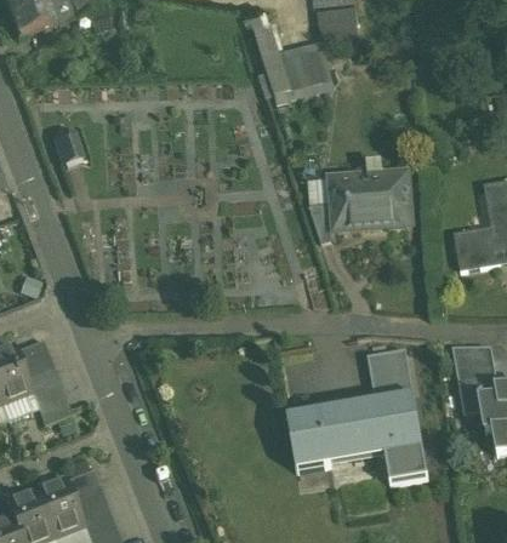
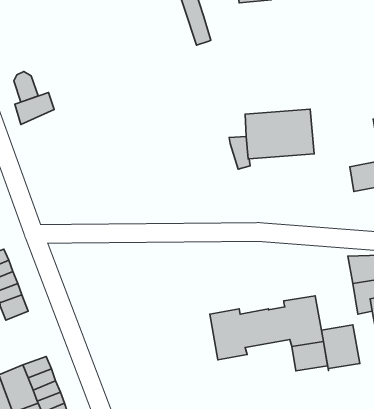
building: [280,48,335,99] -> none
building: none -> [15,92,54,124]
building: [368,348,414,402] -> [321,325,360,371]

